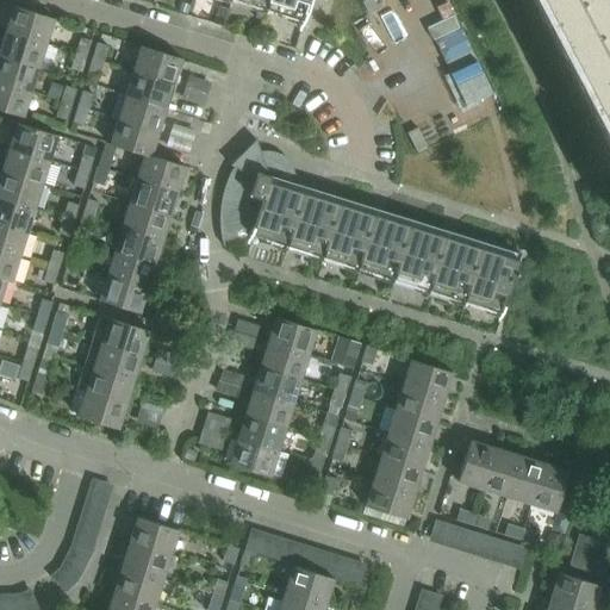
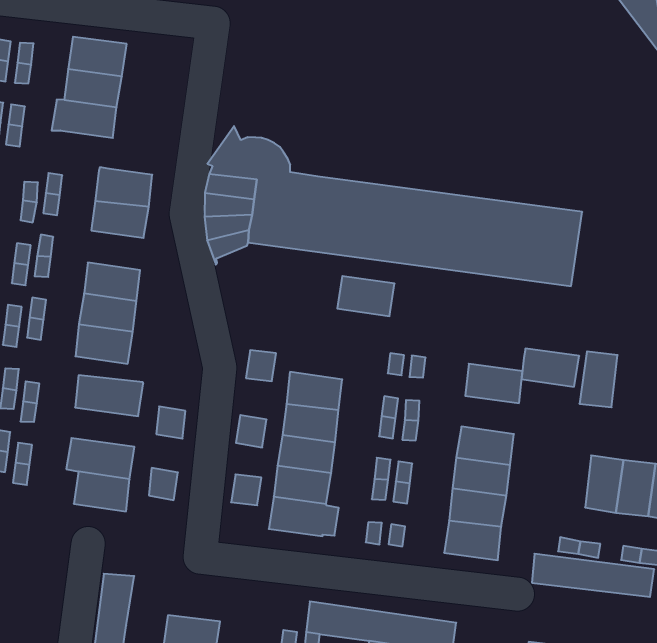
building: [110,119,158,156] -> none
building: [122,203,169,241] -> none
building: [267,317,316,355] -> [337,276,395,316]
building: [85,341,141,380] -> none
building: [396,385,444,422] -> [522,349,579,387]
building: [458,442,494,490] -> [579,351,618,407]

